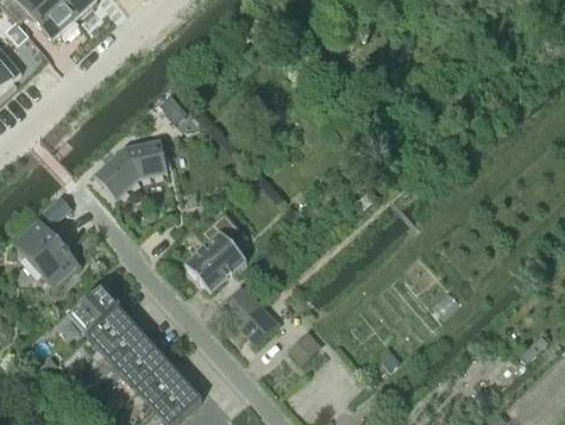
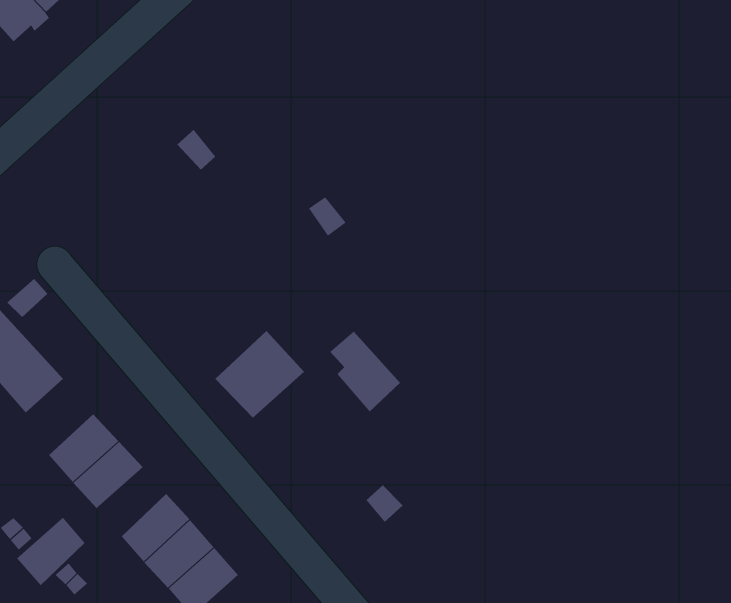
building: [93,139,167,199] -> none
building: [227,288,276,344] -> [330,331,401,412]
building: [103,326,151,374] -> [16,517,86,586]

